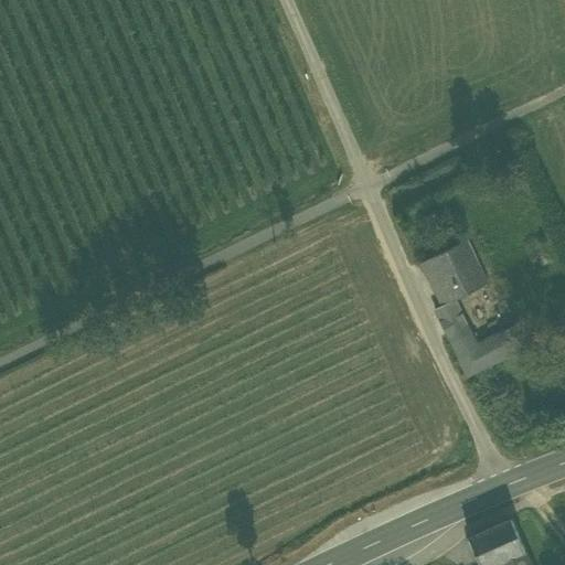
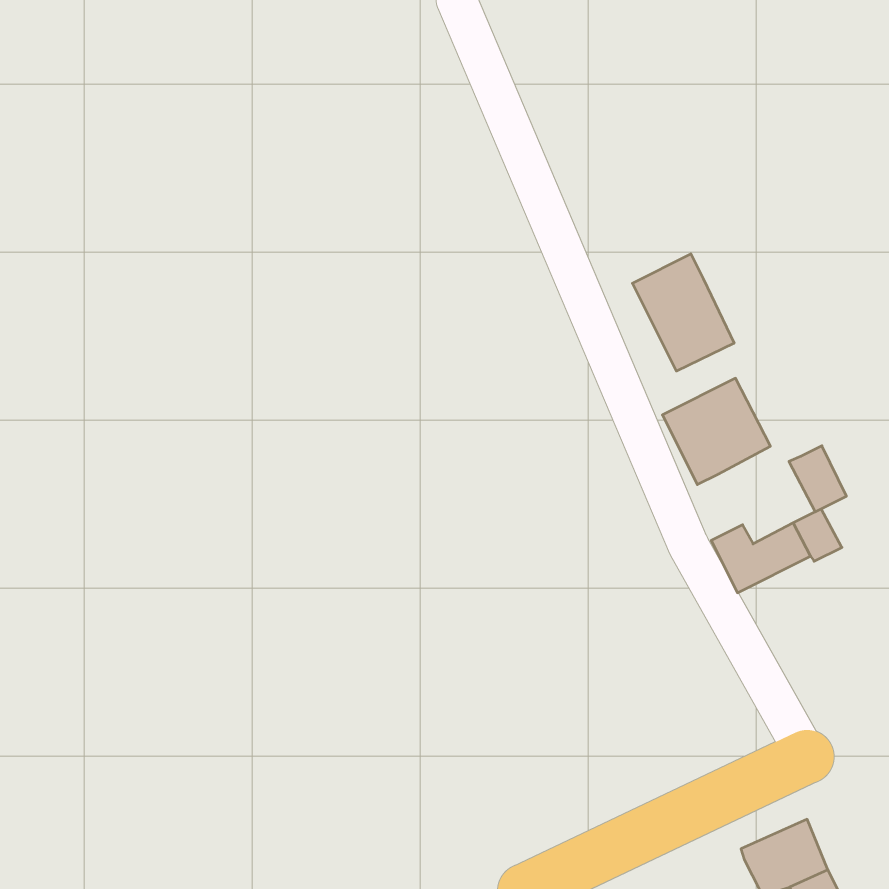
building: none -> [632,254,734,371]
building: [434,301,470,343] -> [789,446,846,512]

